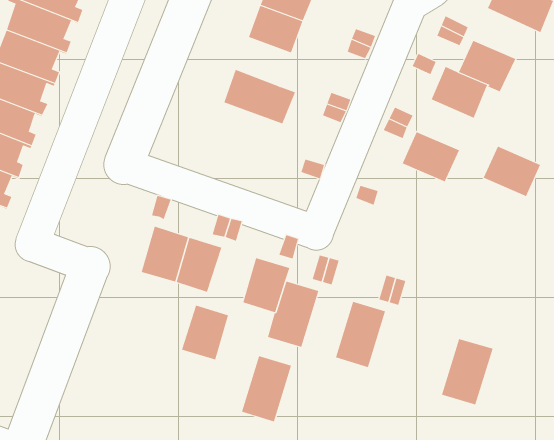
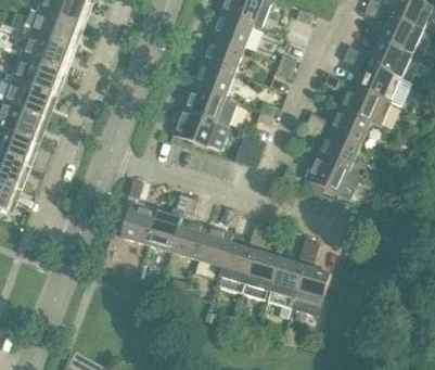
building: none -> [370,38,421,79]
building: none -> [192,60,234,97]
building: none -> [174,109,216,146]
building: [483,146,541,197] -> [328,106,371,144]
building: none -> [306,154,349,193]
building: [181,305,229,360] -> [171,217,207,258]
building: [441,338,493,405] -> [292,265,331,315]
building: [241,355,292,422] -> [242,250,280,299]

